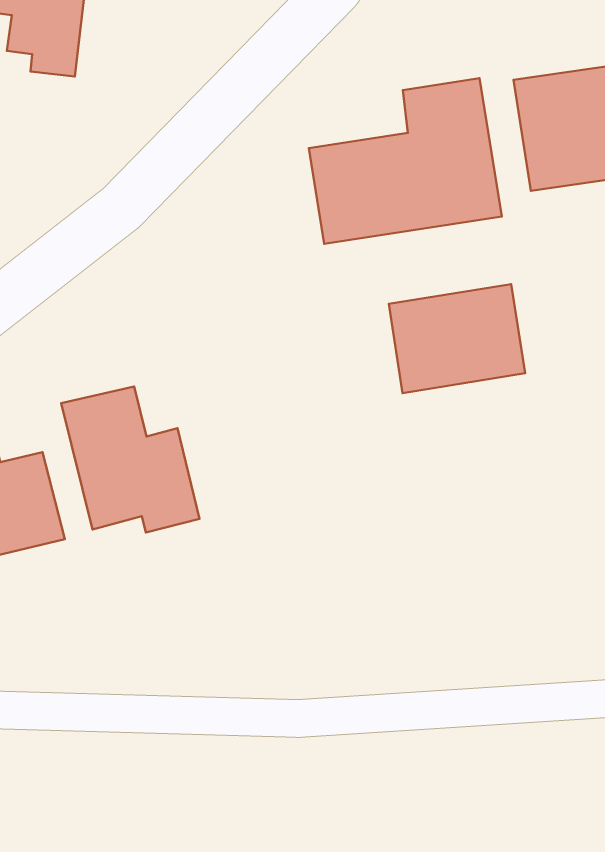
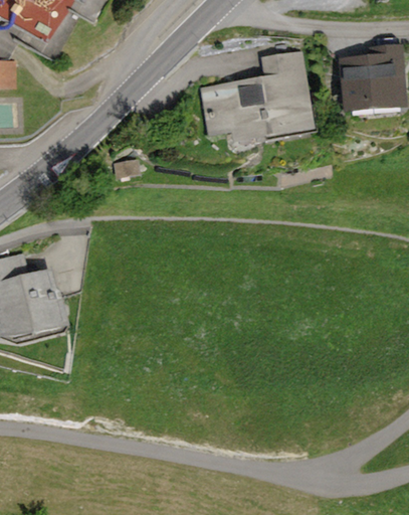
building: [389,284,525,393] -> none
building: [61,386,200,532] -> none

